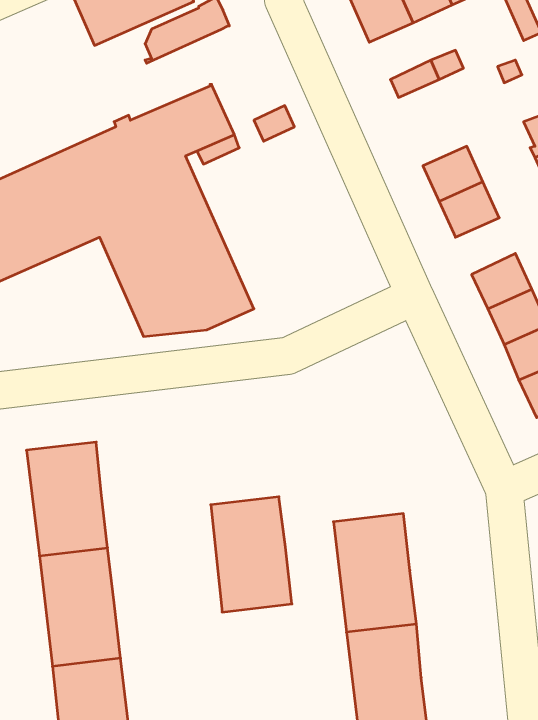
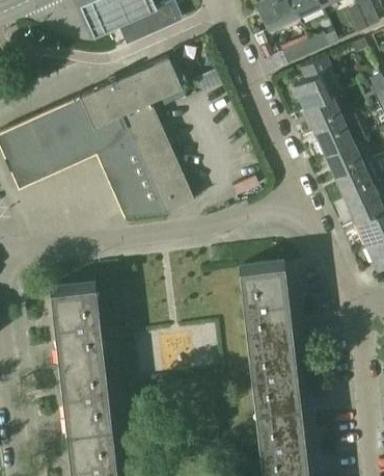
building: none -> [294,56,342,108]
building: none -> [325,141,363,178]
building: [211,497,292,612] -> [240,262,292,336]

